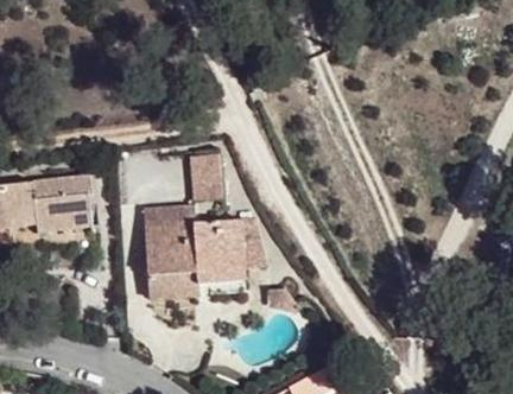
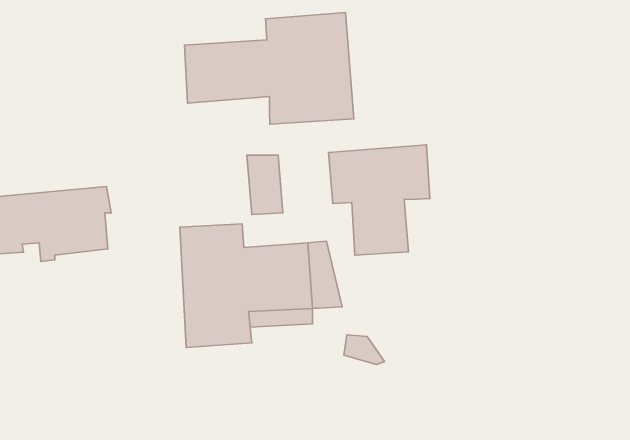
building: none -> [185,13,354,124]
building: none -> [329,145,430,255]

